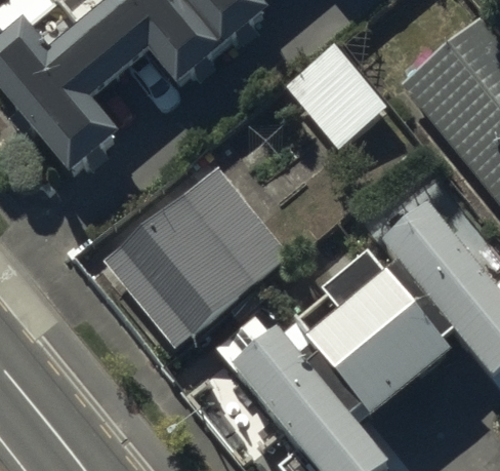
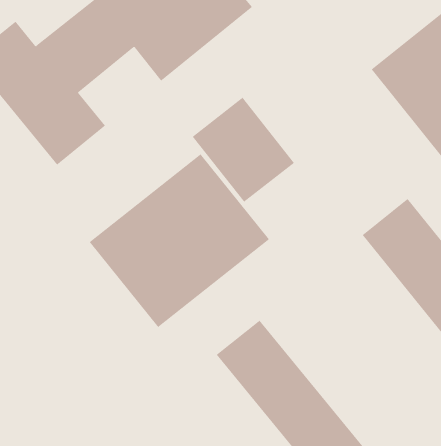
building: [283,43,388,152] -> [192,97,295,203]
building: [310,277,454,420] -> none

